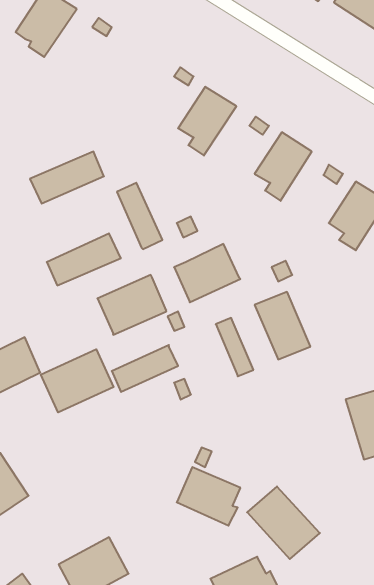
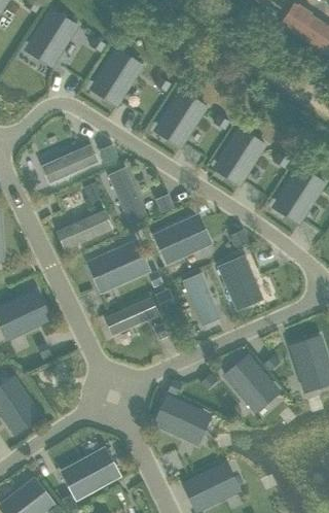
building: none -> [93,49,141,104]
building: [41,349,114,412] -> none
building: [247,486,320,559] -> [221,351,279,409]

